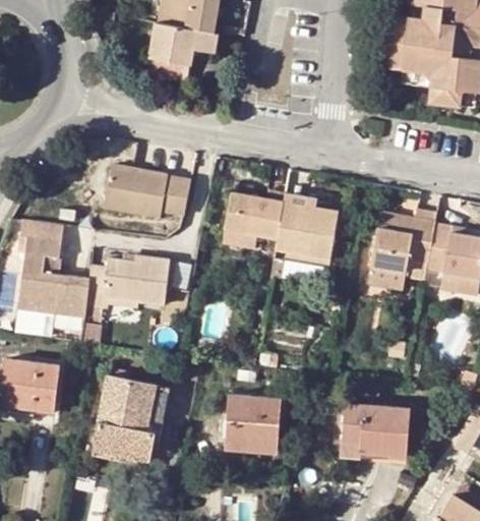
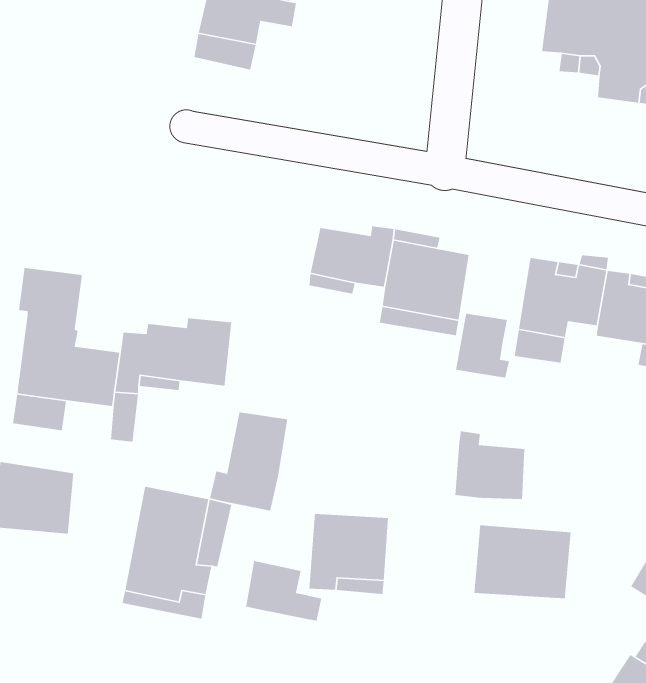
building: [106,163,191,216] -> none
building: none -> [455,313,510,378]
building: none -> [209,411,288,511]
building: none -> [455,430,525,500]
building: none -> [245,560,322,622]

